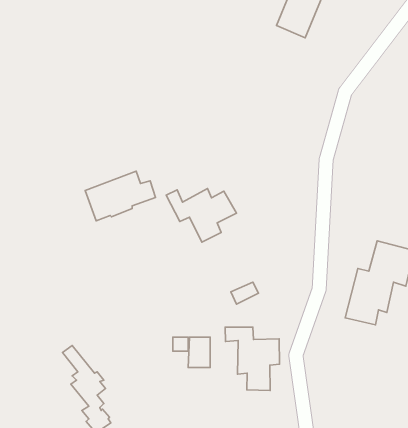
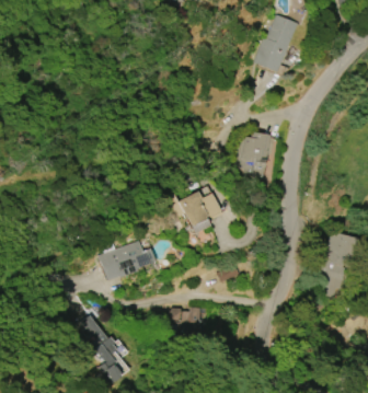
building: none -> [239,131,269,175]
building: [85,171,156,221] -> [99,241,154,280]
building: [225,327,280,391] -> none

